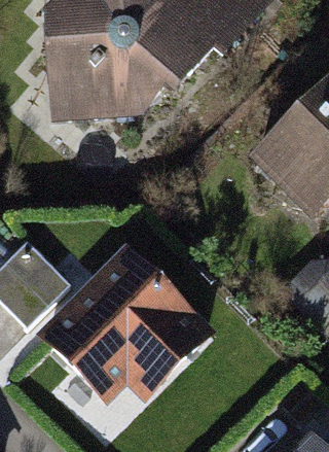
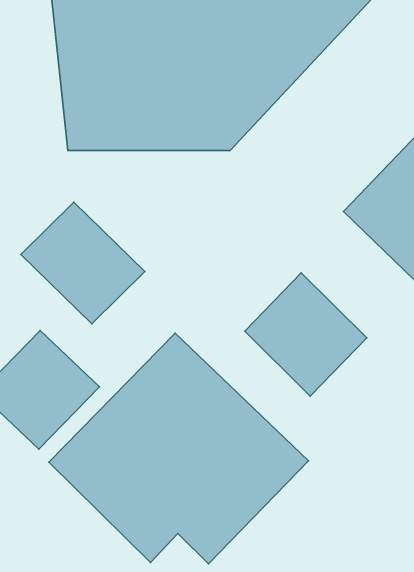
building: none -> [21,202,145,324]
building: none -> [245,273,367,396]

